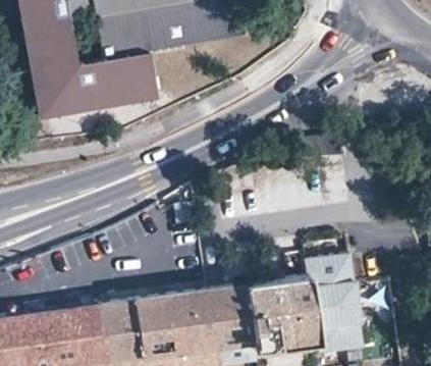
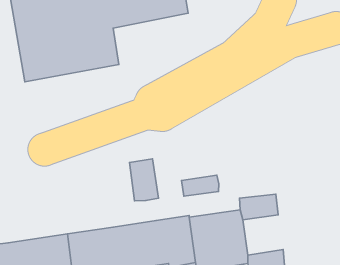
building: none -> [129,159,159,201]
building: none -> [182,175,219,196]
building: [308,281,360,331] -> none

